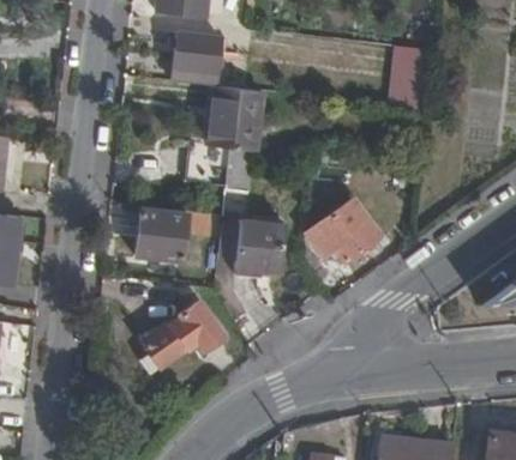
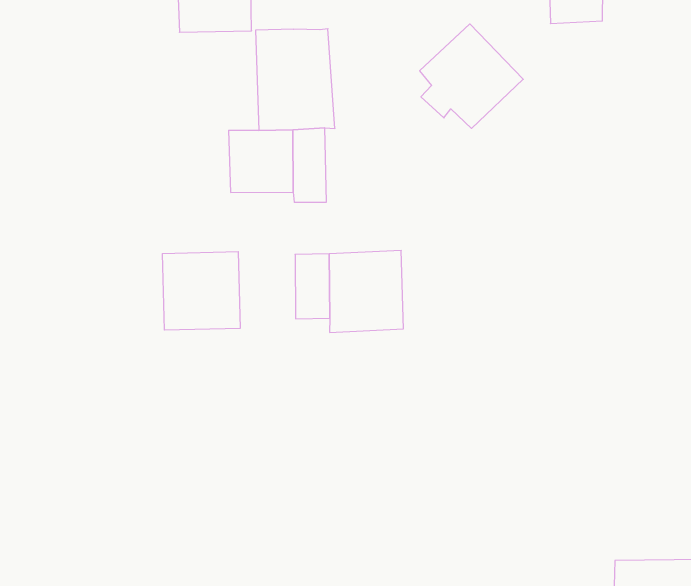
building: [318,199,380,261] -> [420,24,523,128]
building: [138,302,220,370] -> none

